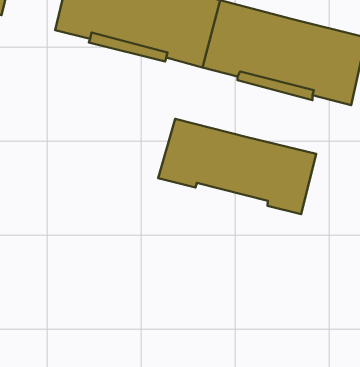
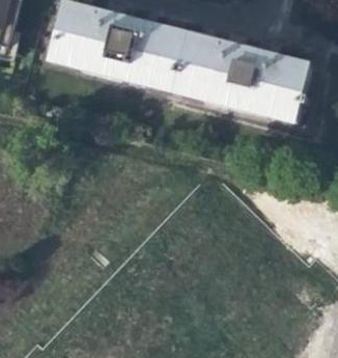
building: [158,119,316,214] -> none

